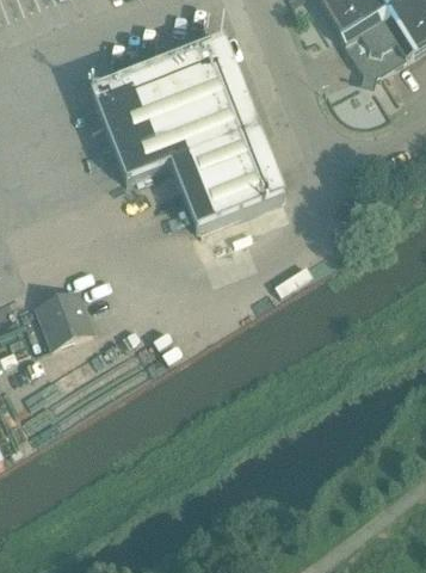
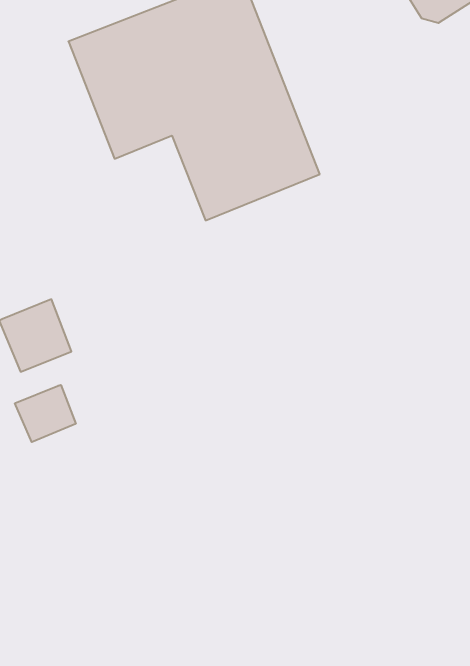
building: none -> [15,385,76,442]

